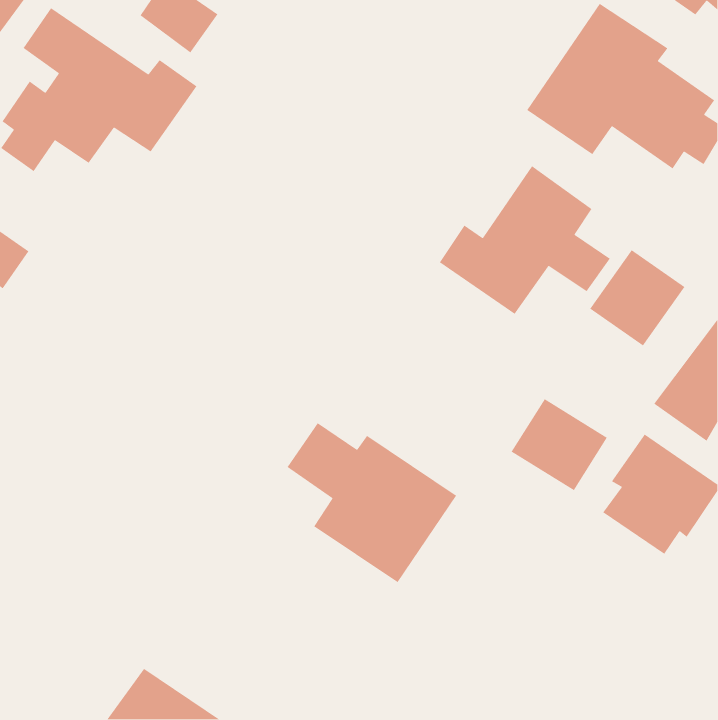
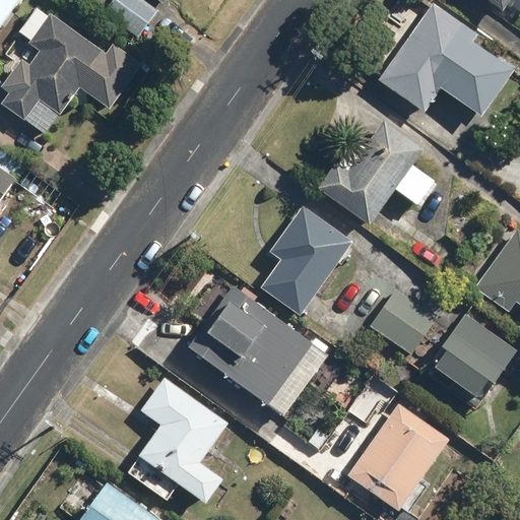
building: [589,249,685,347] -> none
building: none -> [258,205,352,315]
building: none -> [136,377,228,505]
building: none -> [346,399,449,510]

